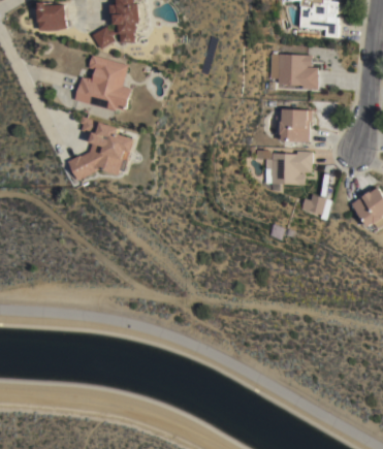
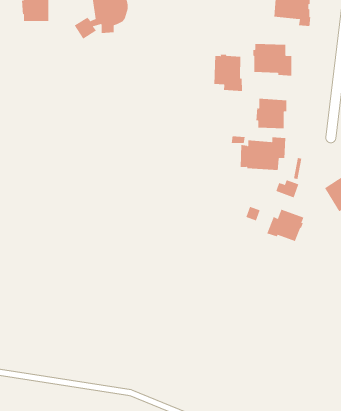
building: [73,55,130,113] -> none
building: none -> [214,54,242,92]
building: [68,114,135,178] -> none
building: none -> [266,209,304,242]

